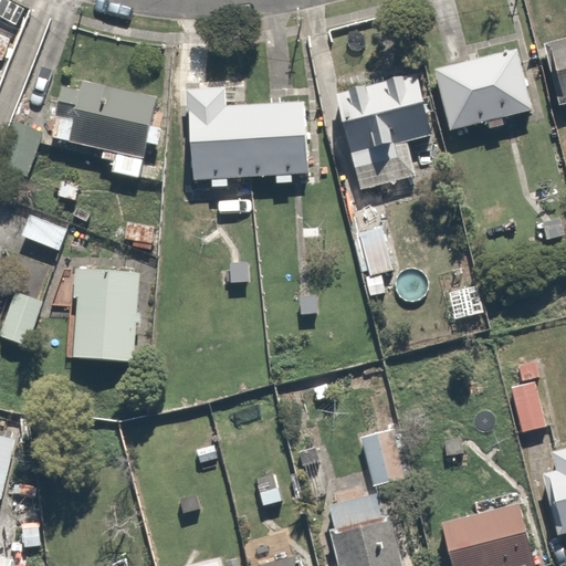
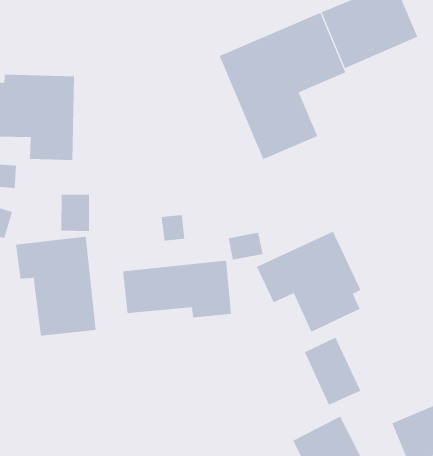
building: [184,85,310,187] -> none
building: none -> [256,231,361,332]
building: none -> [122,260,231,318]

